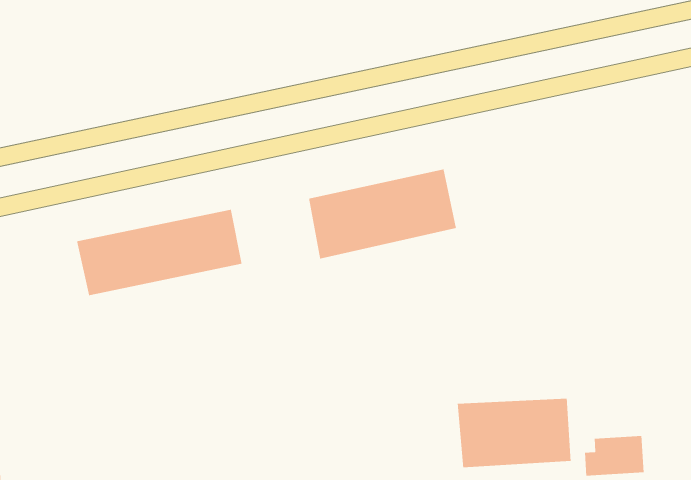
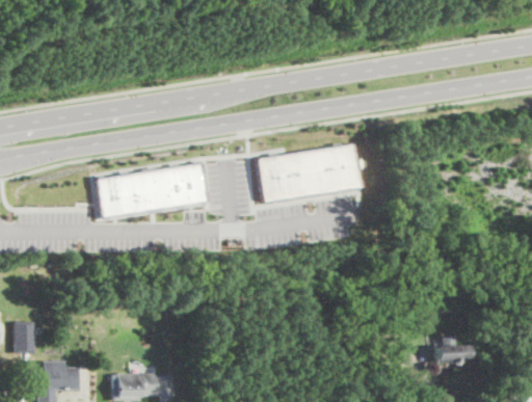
building: [457,398,571,468] -> none

